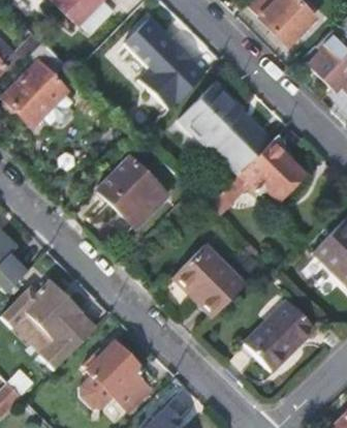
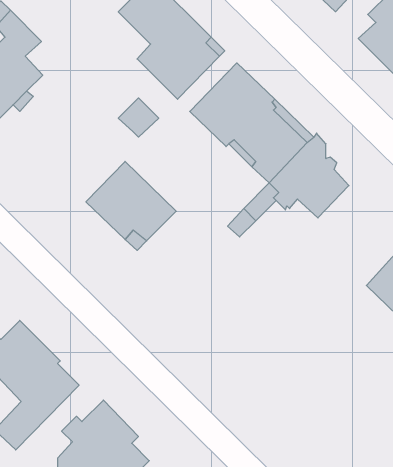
building: [171,243,245,317] -> none
building: [240,303,314,375] -> none

